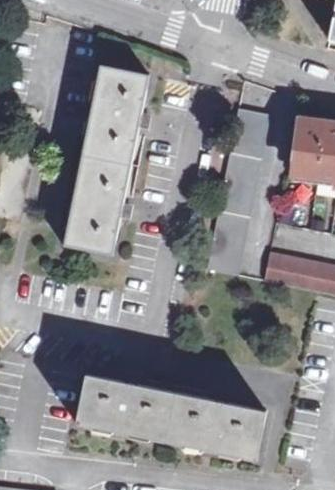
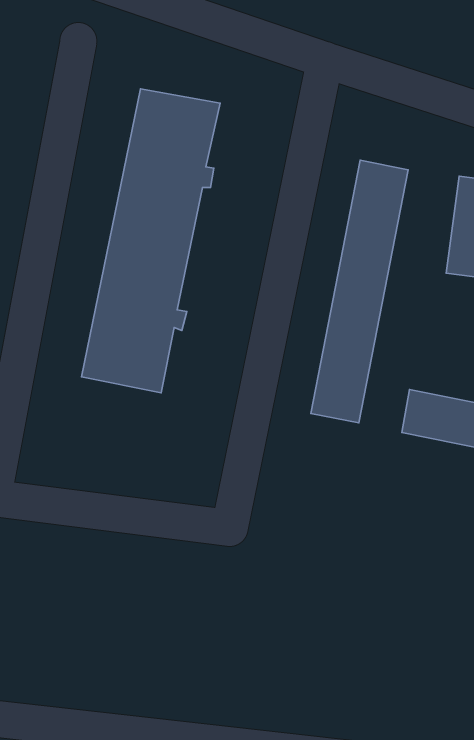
building: [76,374,266,459] -> none

